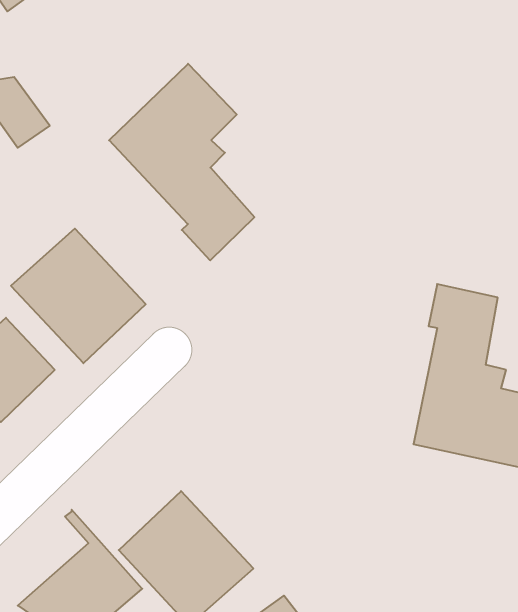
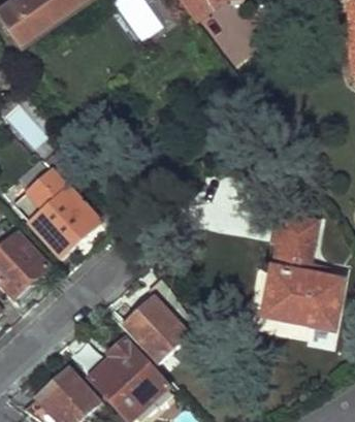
building: [109,64,254,260] -> none
building: none -> [104,277,195,362]

